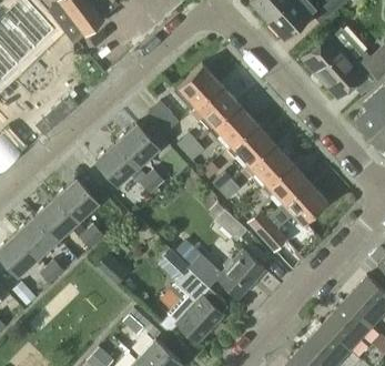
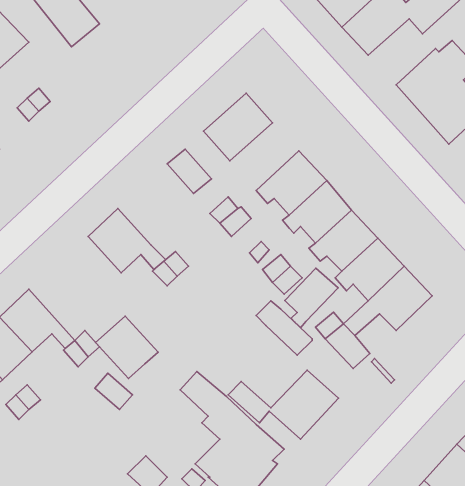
building: [192,85,239,131] -> none
building: [116,124,160,167] -> none
building: [57,180,99,222] -> [96,316,158,379]
building: none -> [285,268,338,327]

